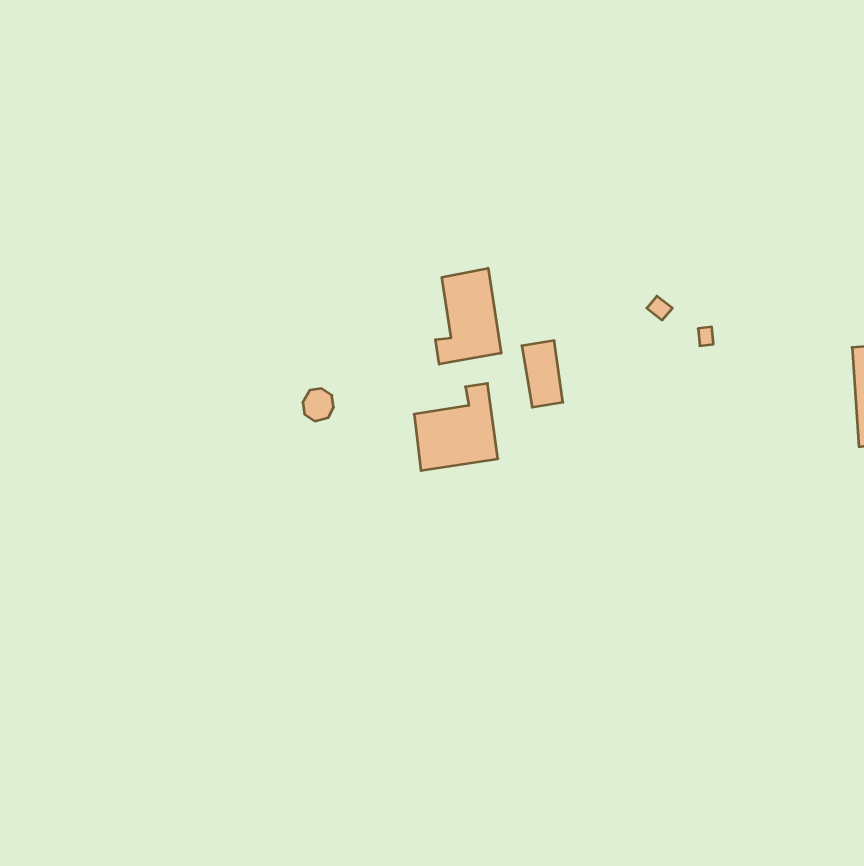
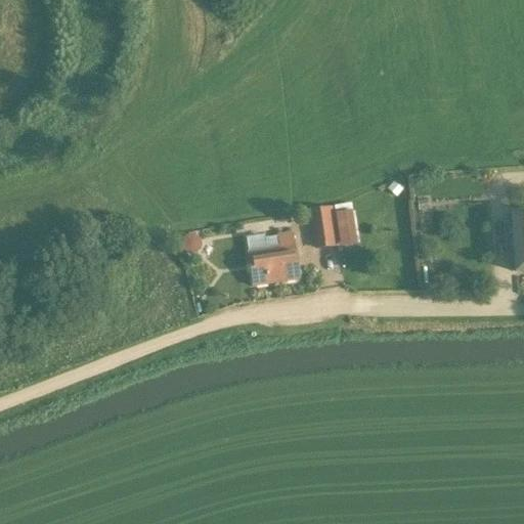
building: [435,268,501,364] -> none

